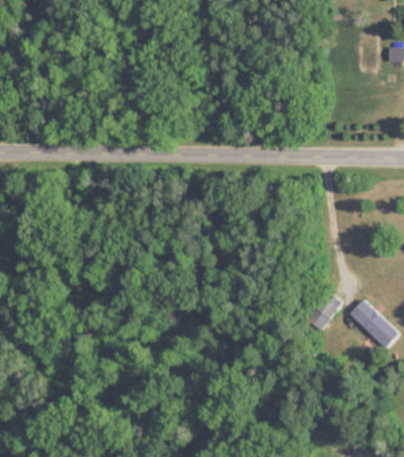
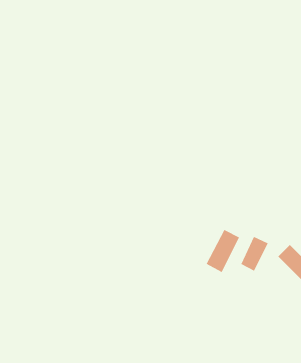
building: none -> [206,229,240,273]

